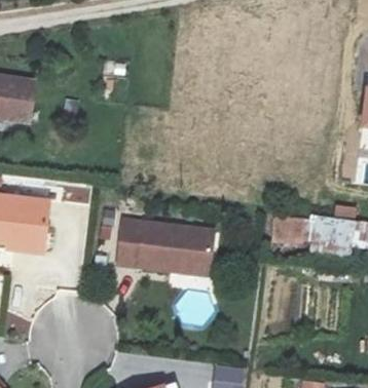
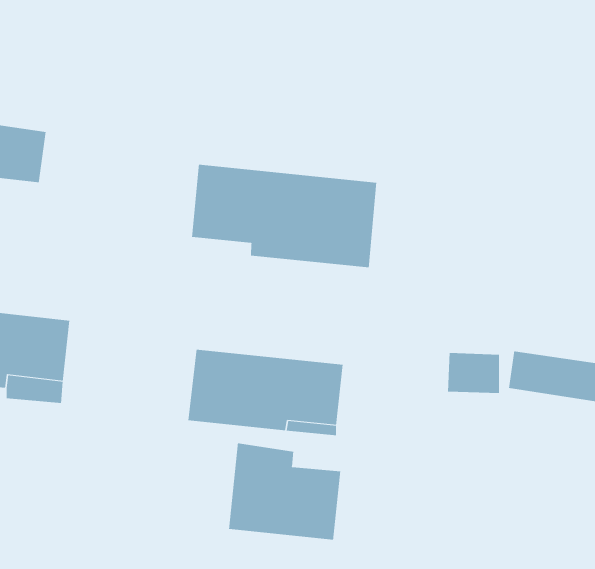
building: none -> [191,164,377,268]
building: none -> [229,443,341,540]

